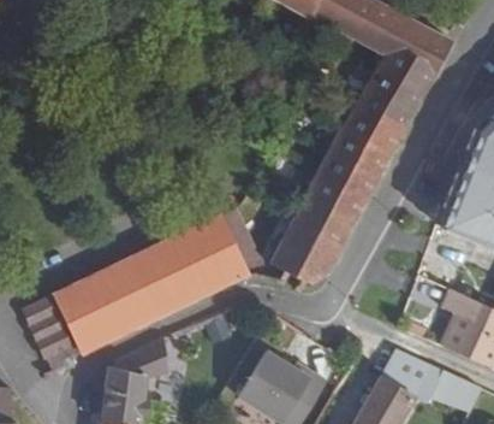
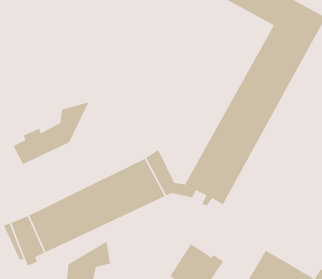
building: none -> [13,101,90,165]

